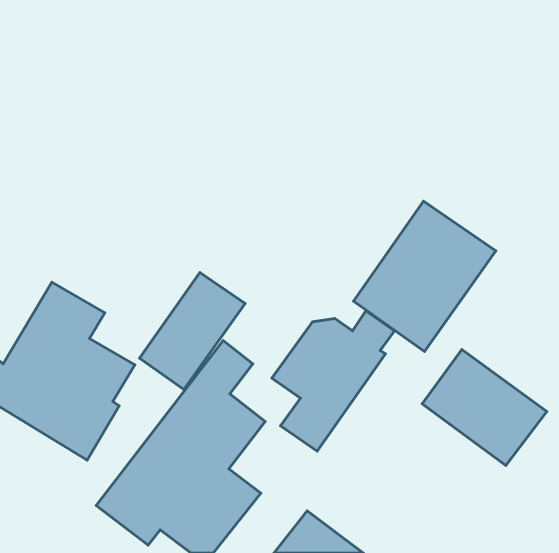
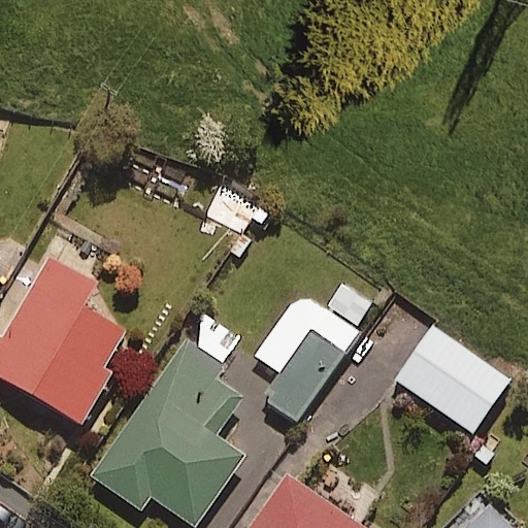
building: [353,201,496,351] -> none
building: [140,273,245,389] -> none

